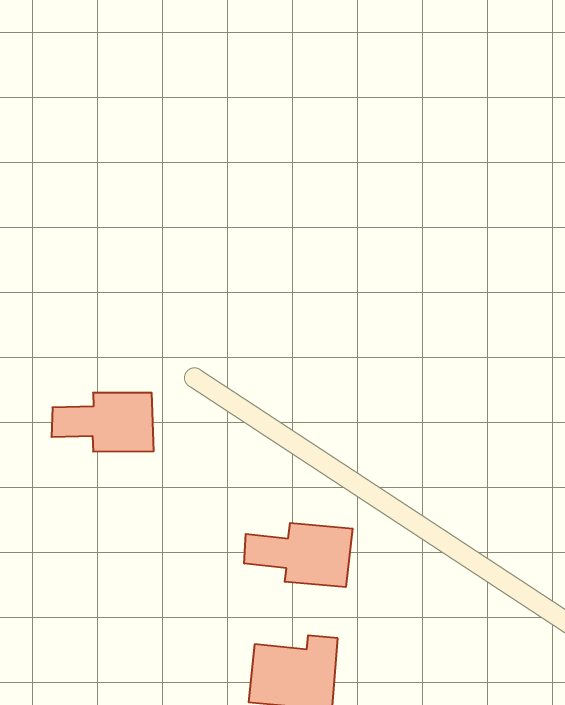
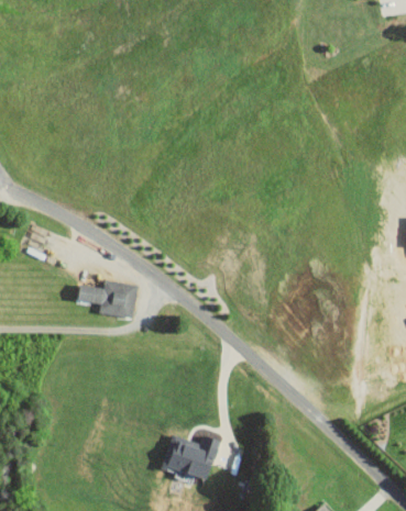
building: [244,523,353,587] -> none

